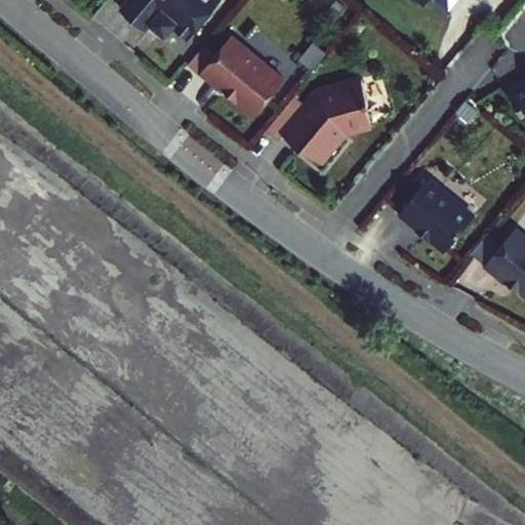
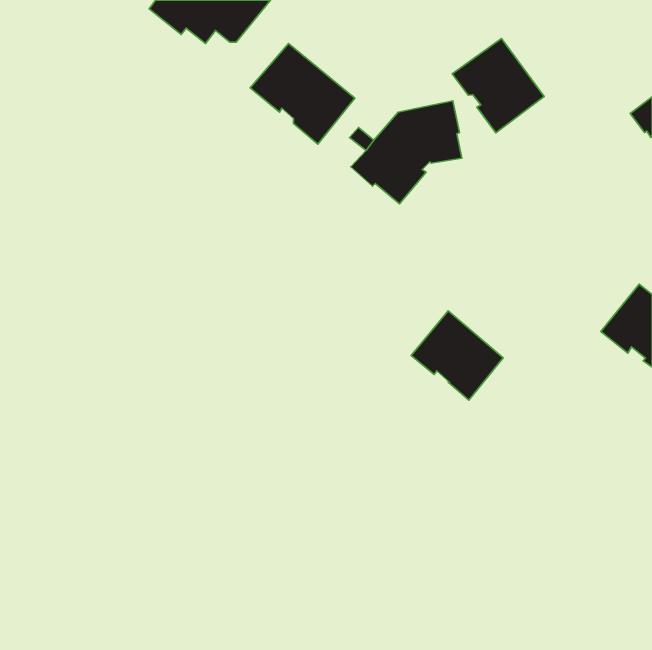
building: none -> [452,38,544,133]
building: [399,179,473,251] -> [411,311,503,400]

